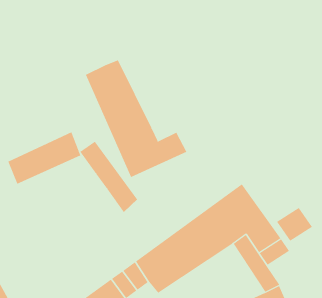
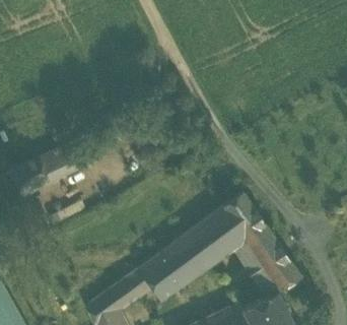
building: [85,60,187,178] -> none
building: [80,141,138,213] -> none
building: [276,207,313,241] -> [264,260,299,294]

